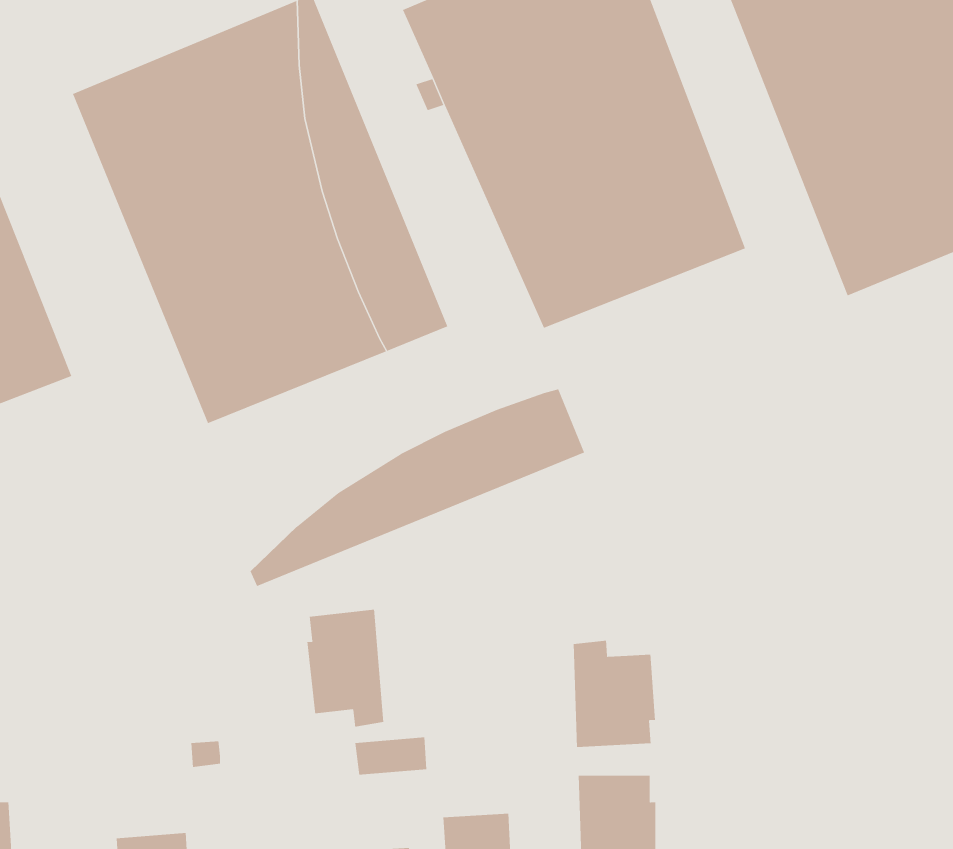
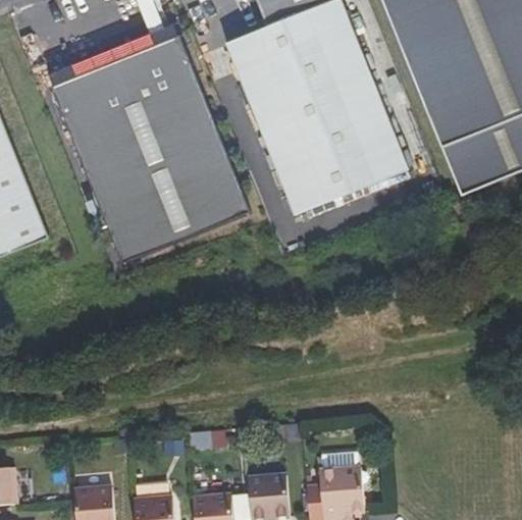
building: [250,389,585,587] -> none
building: [307,609,384,728] -> none
building: [573,640,656,748] -> none

